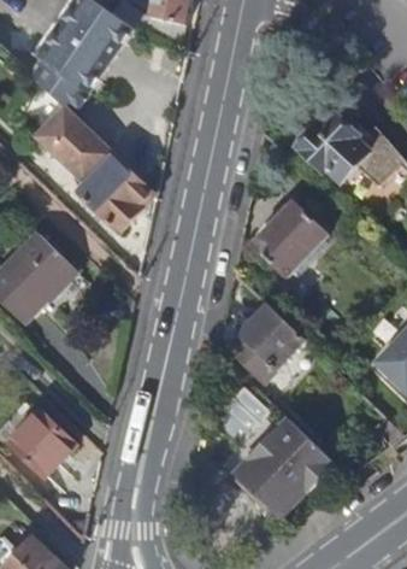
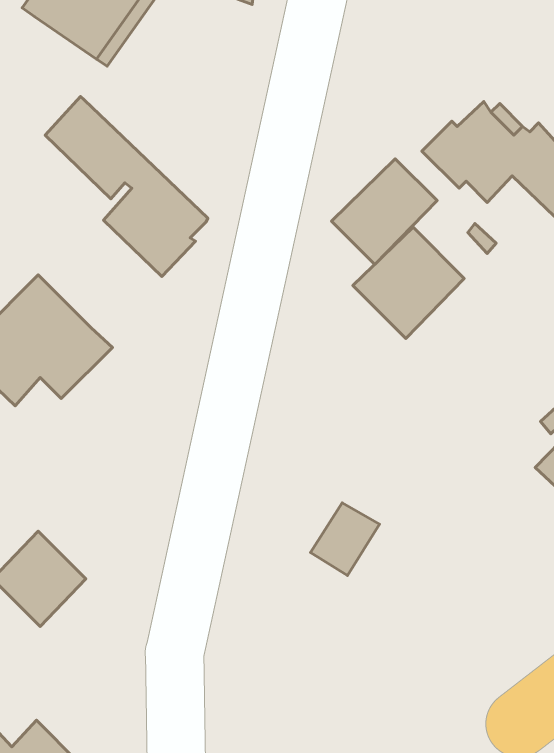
building: [23,57,82,113] -> none
building: none -> [331,159,437,264]
building: [225,304,301,382] -> none
building: [234,420,331,516] -> none

